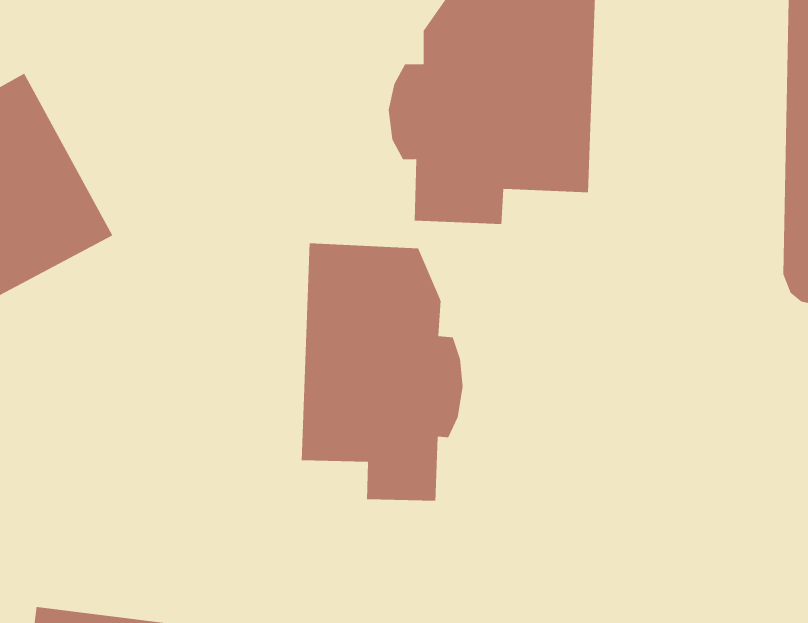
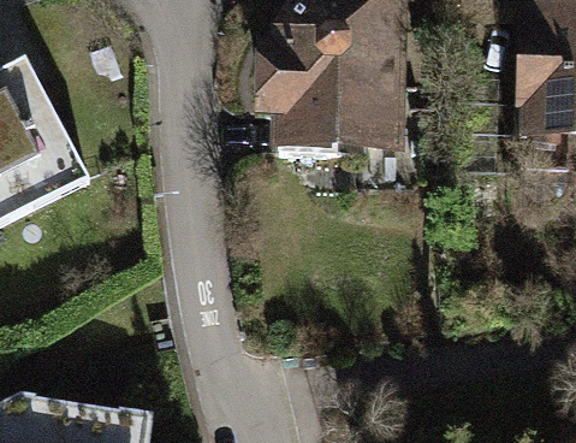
building: [301,242,463,502] -> none

